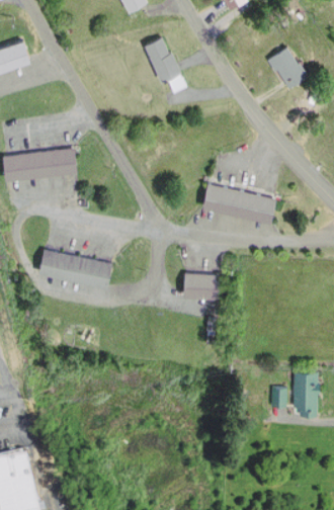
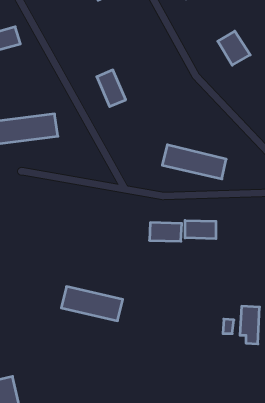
building: [145,36,179,80] -> [97,70,126,107]
building: [39,249,112,289] -> [61,287,123,321]
building: none -> [185,220,216,239]

